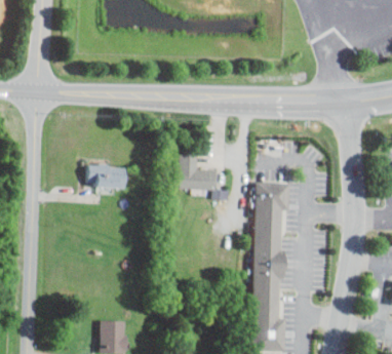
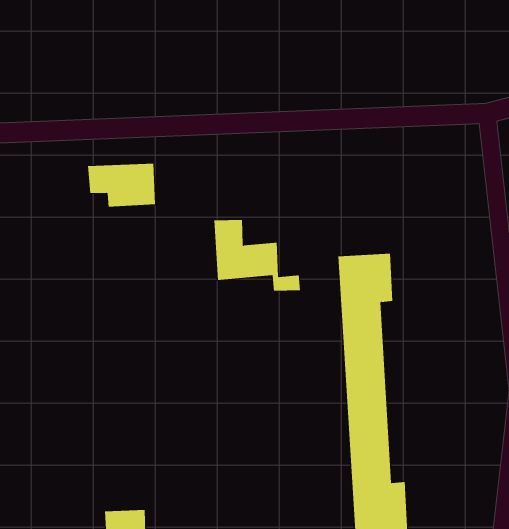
building: [89,165,129,192] -> [87,163,156,207]

